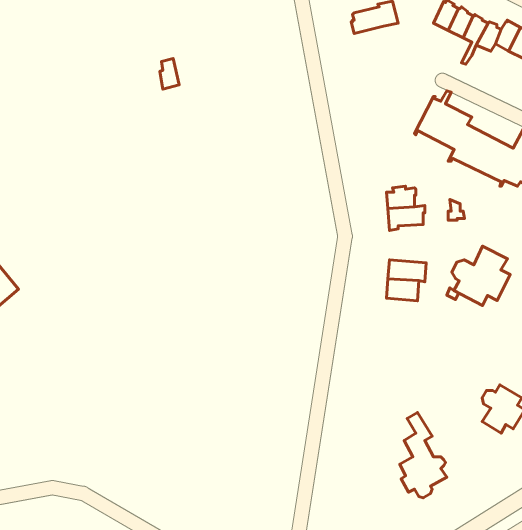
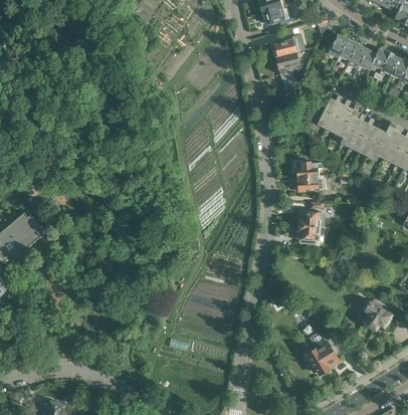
building: none -> [275,52,301,86]
building: [452,246,510,305] -> none

